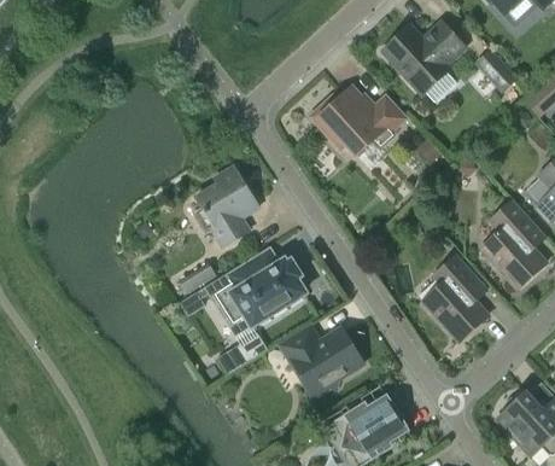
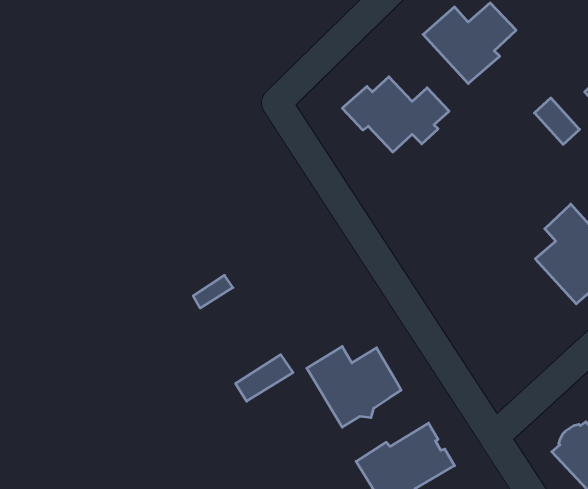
building: [477,49,516,91] -> [534,98,580,144]
building: [194,165,256,245] -> none
building: [423,254,489,340] -> none
building: [180,258,305,325] -> none

